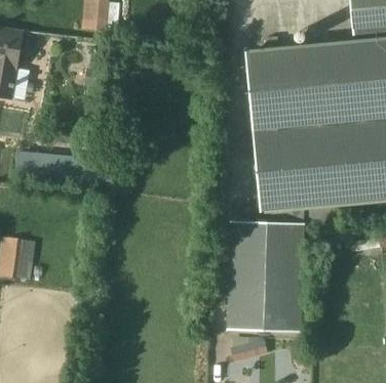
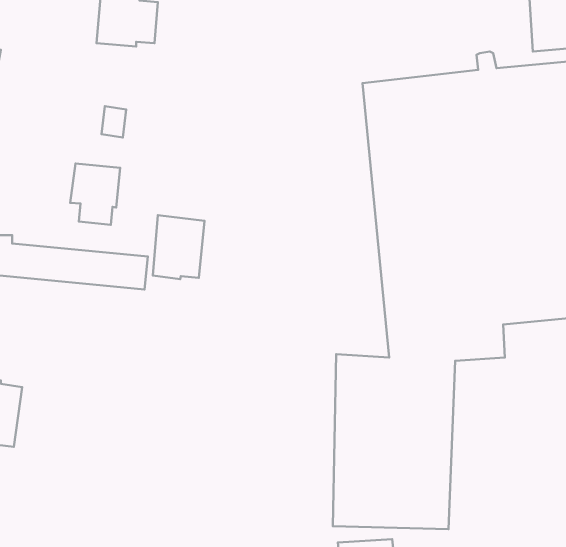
building: none -> [70,164,120,225]
building: none -> [153,215,204,279]

